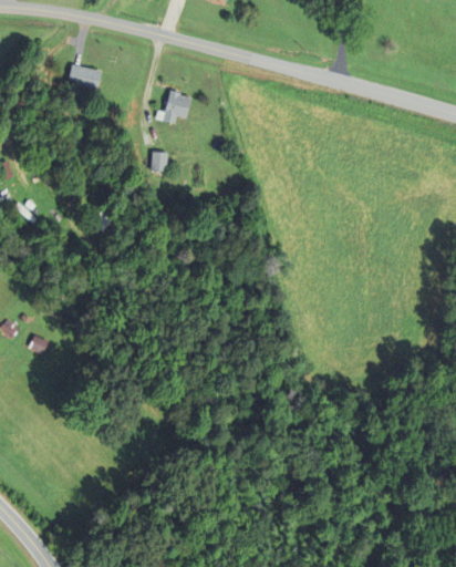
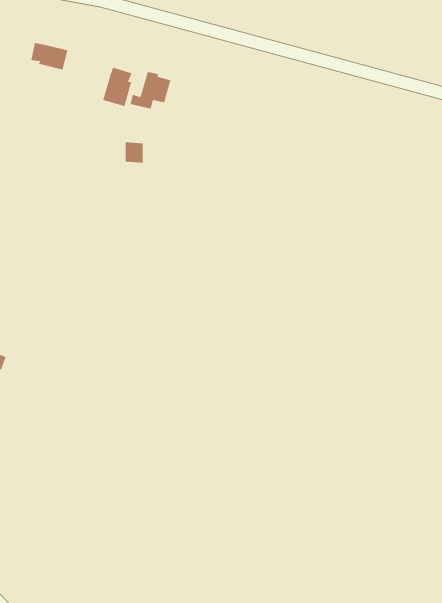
building: none -> [102,67,132,107]

